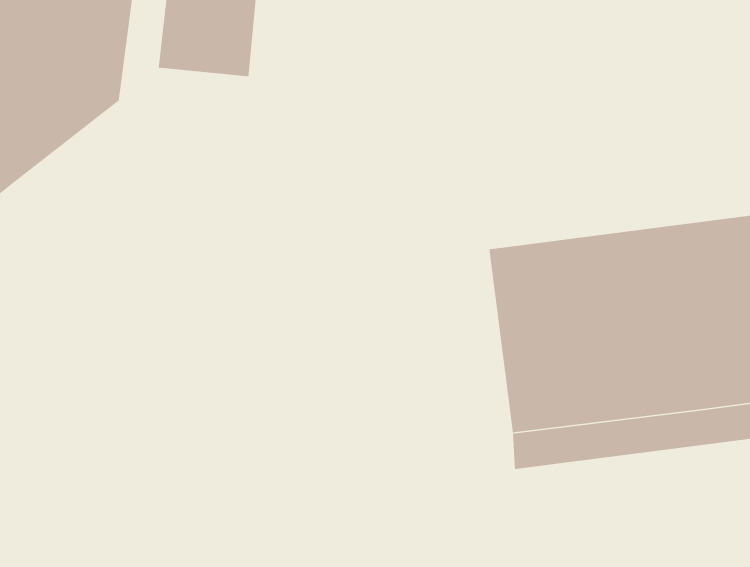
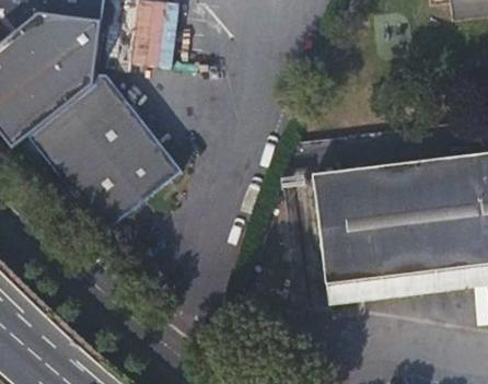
building: none -> [27,72,181,230]

